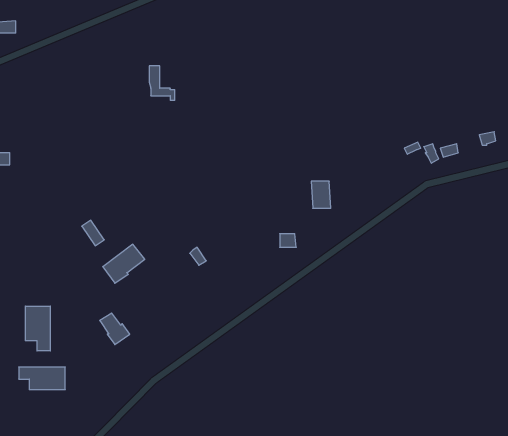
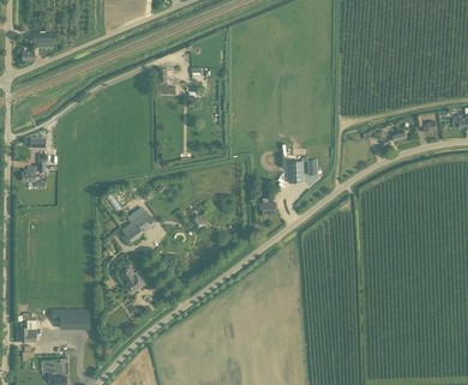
building: [25,306,50,351] -> none

